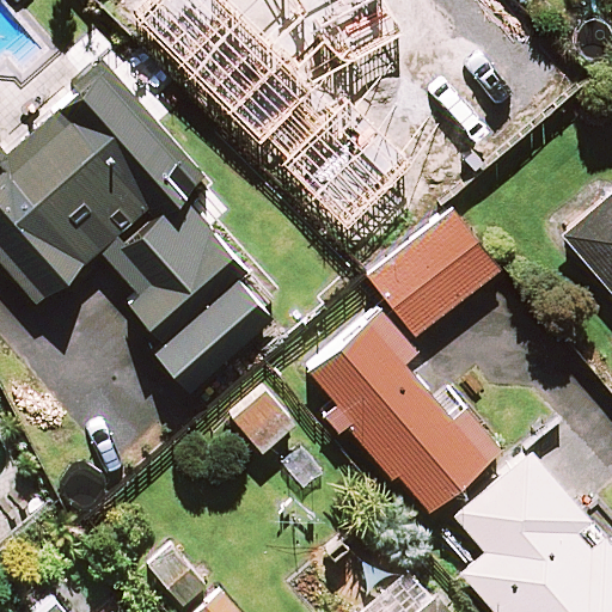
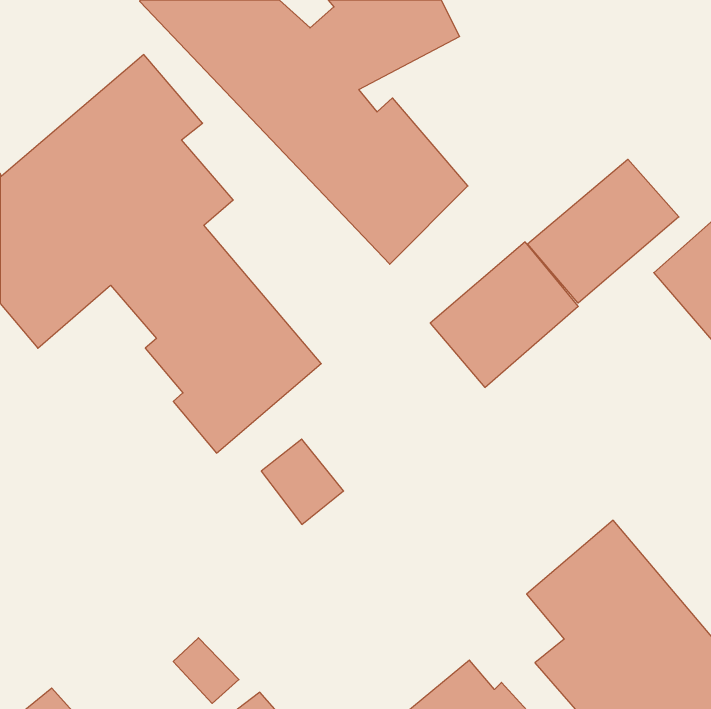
building: none -> [527,159,679,303]
building: [308,312,497,510] -> none

